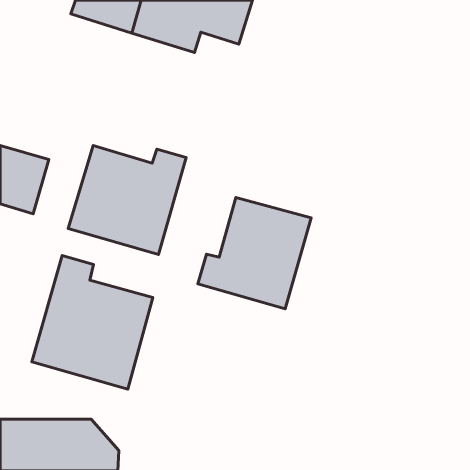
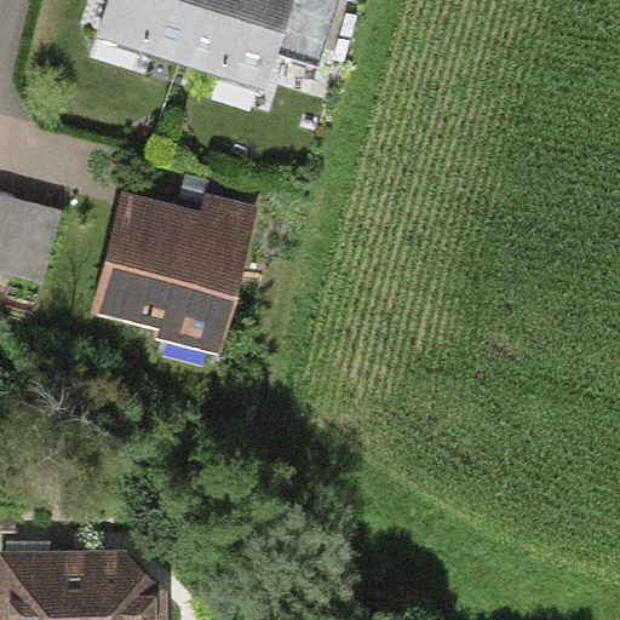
building: [198,197,311,309] -> none
building: [32,256,153,389] -> none

